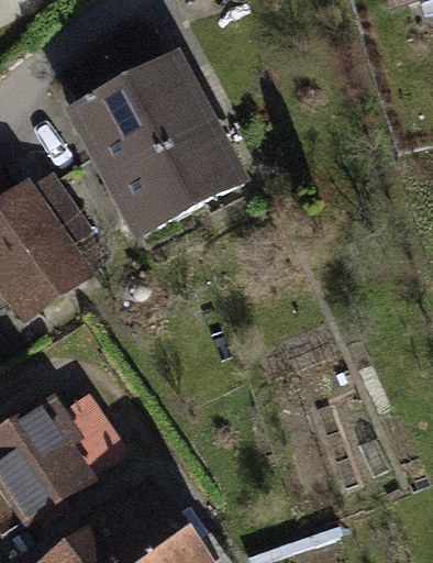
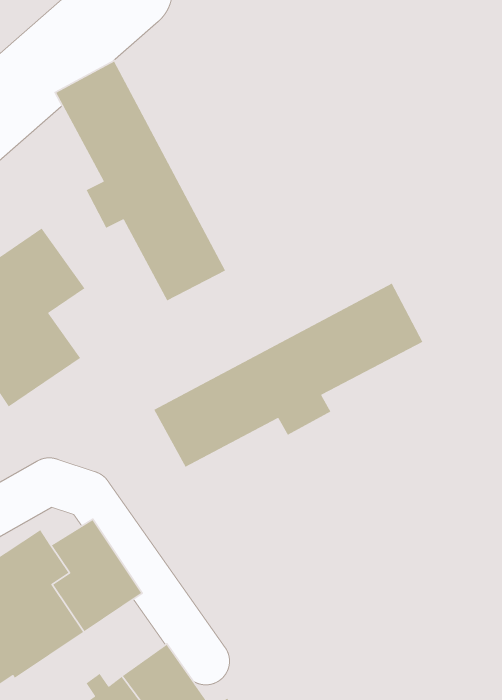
building: [108,29,237,212] -> none
building: none -> [153,282,423,468]

